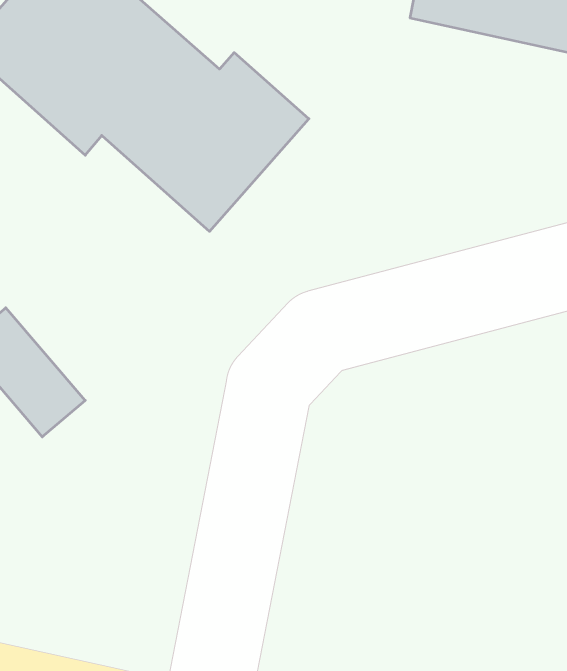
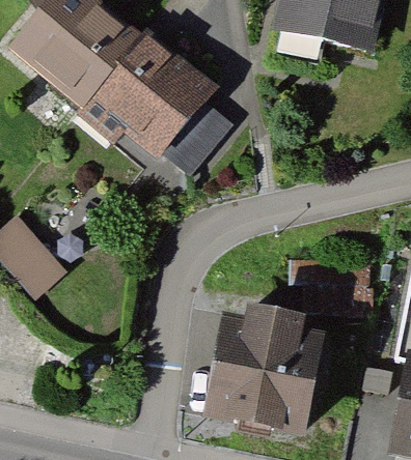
building: none -> [206,304,326,431]

